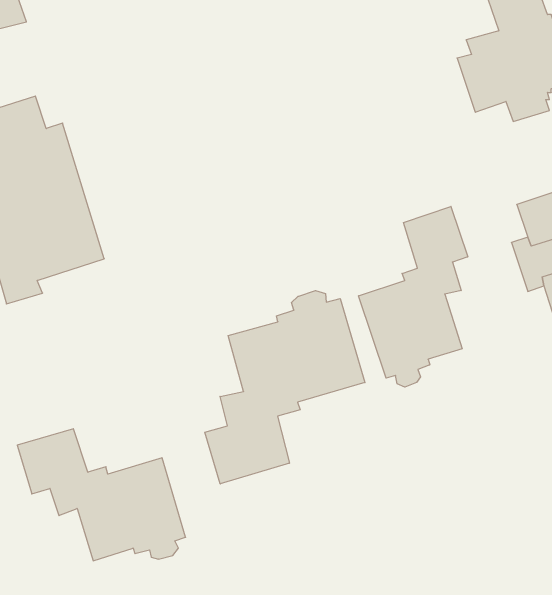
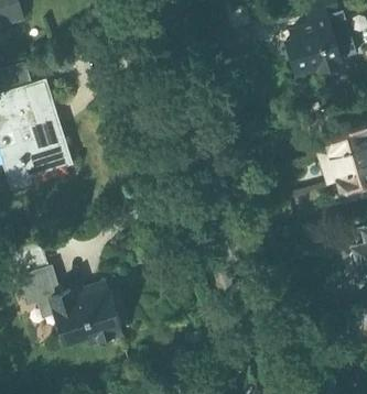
building: [359,206,468,387] -> none
building: [205,291,365,484] -> none

